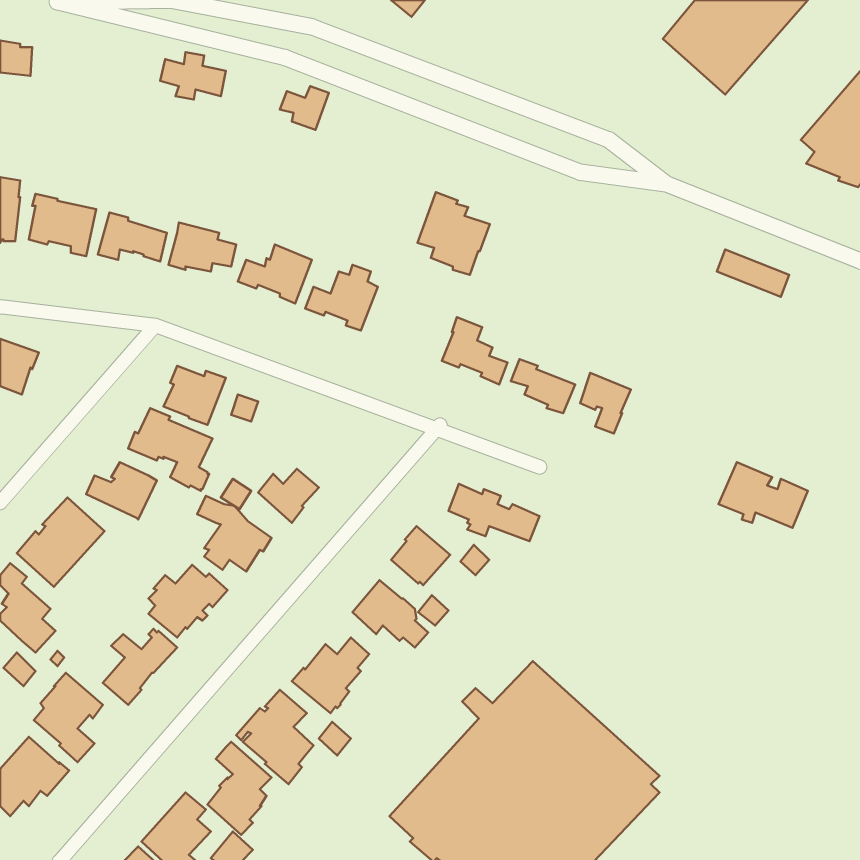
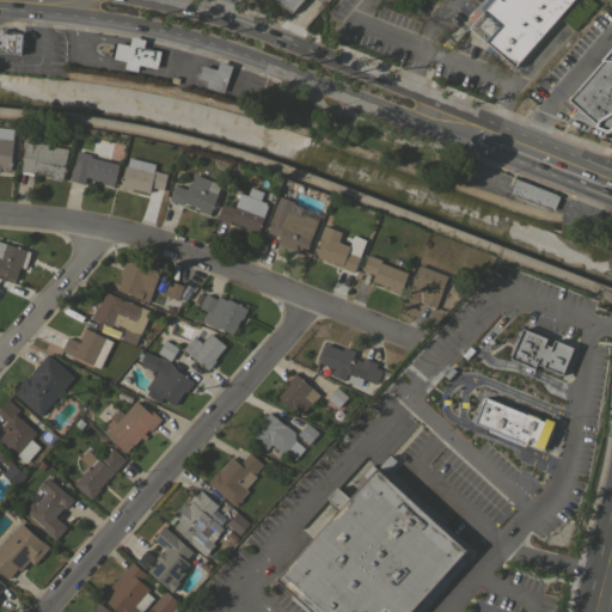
building: [417,192,490,275] -> [268,197,319,256]
building: none -> [200,294,249,335]
building: none -> [475,398,556,451]

